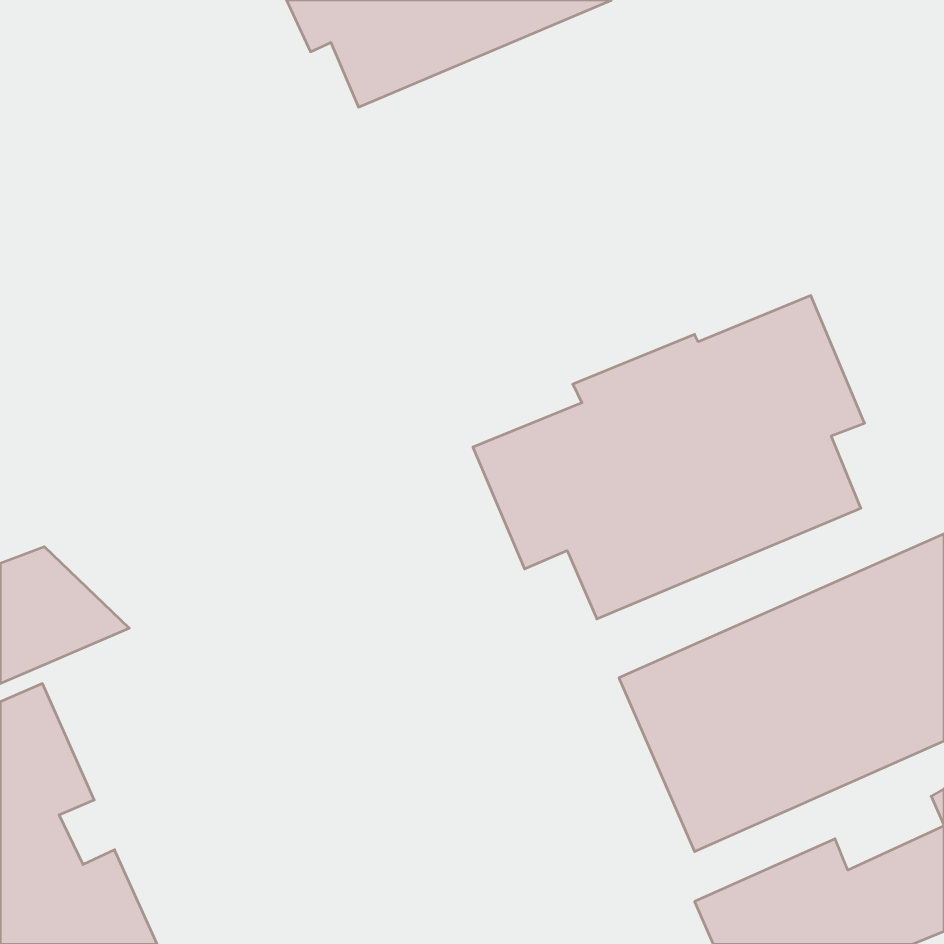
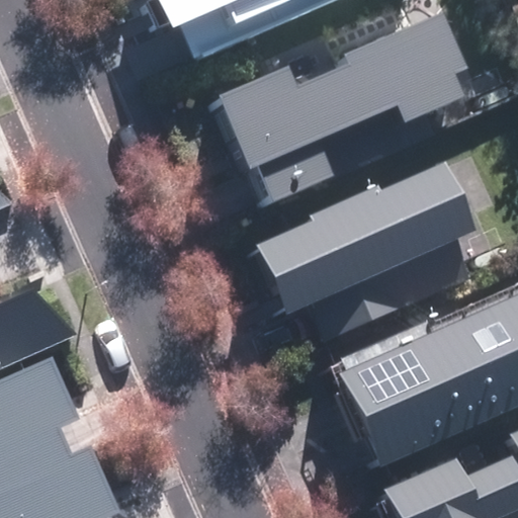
building: none -> [220,9,474,207]

